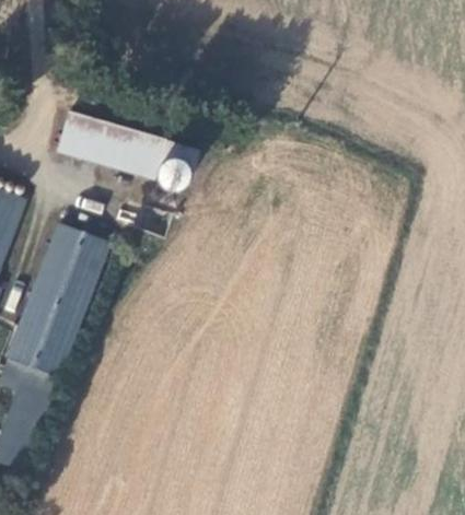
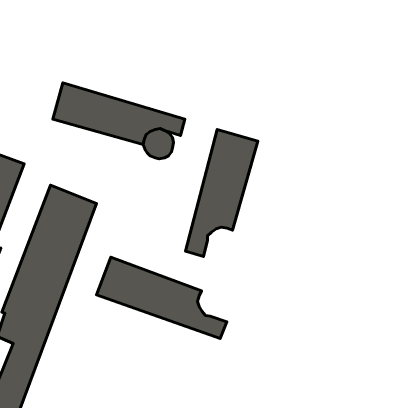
building: none -> [186,130,258,257]
building: none -> [96,257,227,338]

